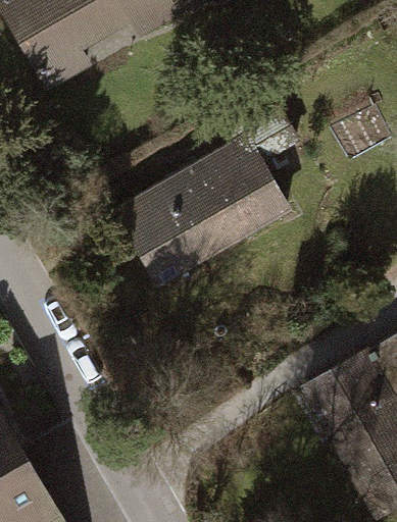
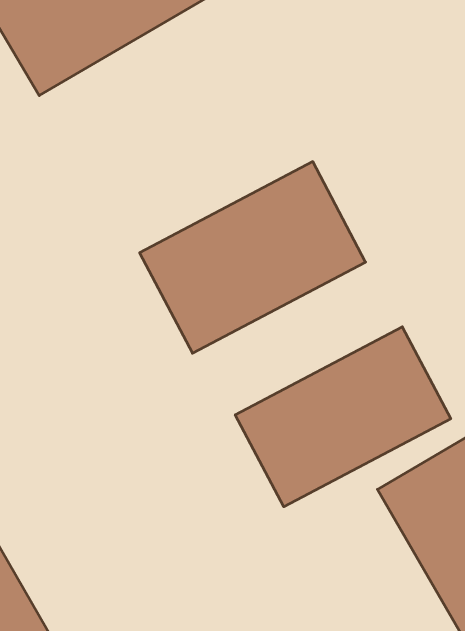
building: none -> [235,327,451,507]

